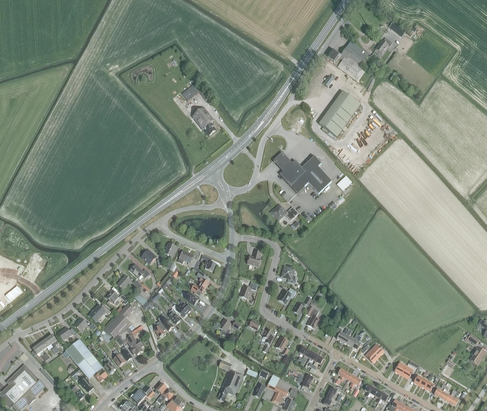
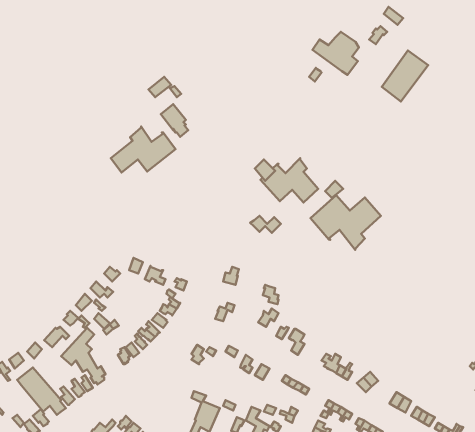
building: [319,91,360,136] -> [382,51,428,101]
building: none -> [111,127,175,172]
building: none -> [310,195,381,250]

